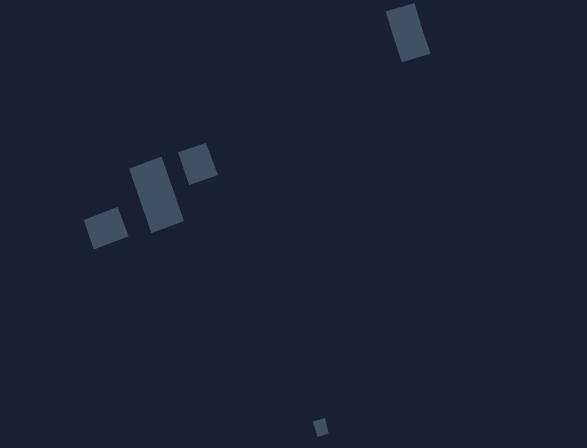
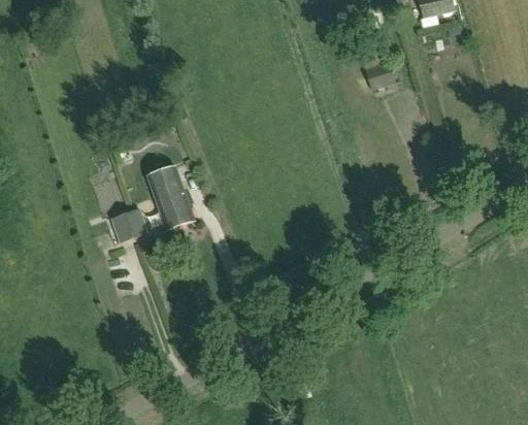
building: [177,142,219,186] -> none

